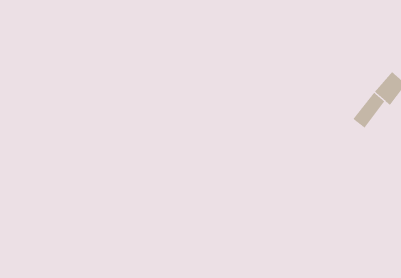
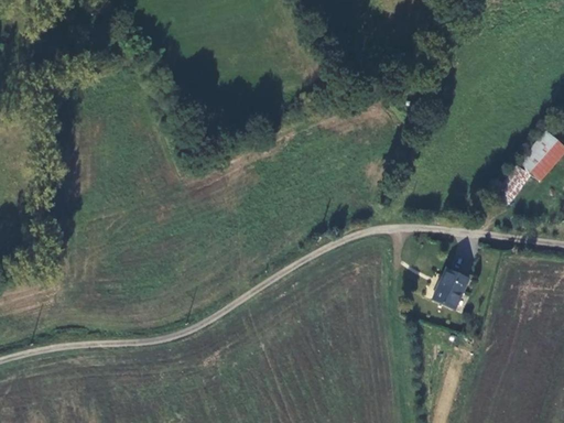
building: none -> [433,268,469,308]

